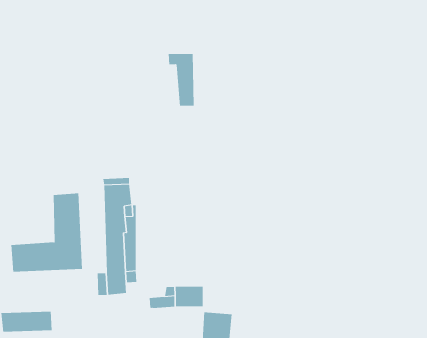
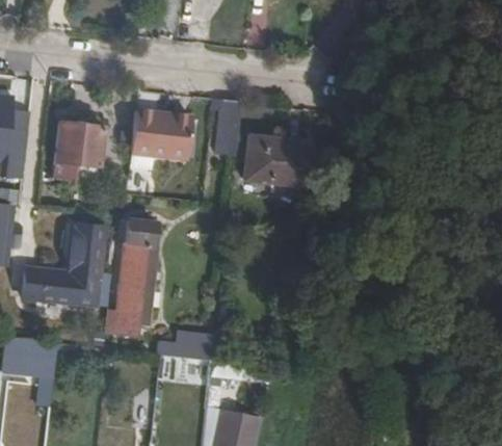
building: none -> [131,111,192,158]
building: none -> [245,140,310,190]
building: none -> [56,124,103,166]

